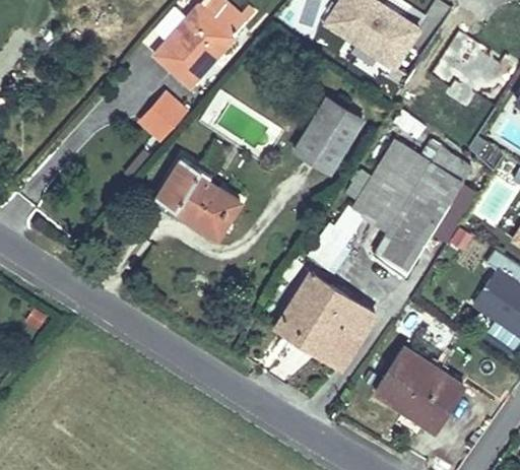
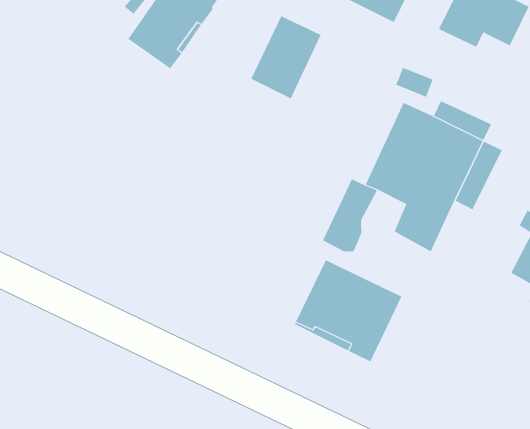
building: [140,93,185,139] -> none
building: [294,97,362,174] -> [250,15,321,99]
building: [155,157,240,238] -> none
building: [373,346,463,430] -> none

